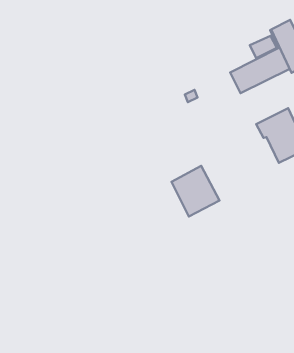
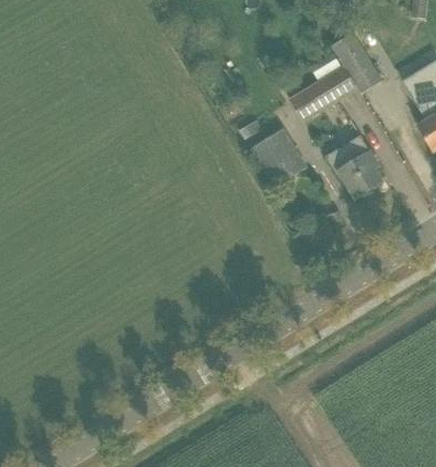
building: [171,166,220,216] -> [249,125,307,185]

